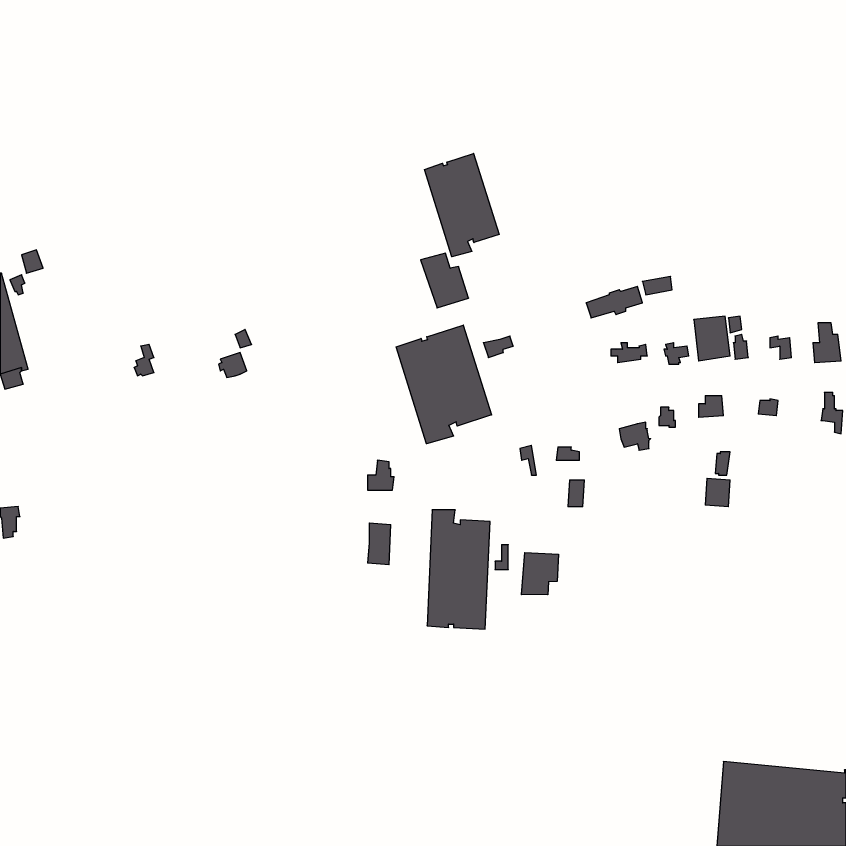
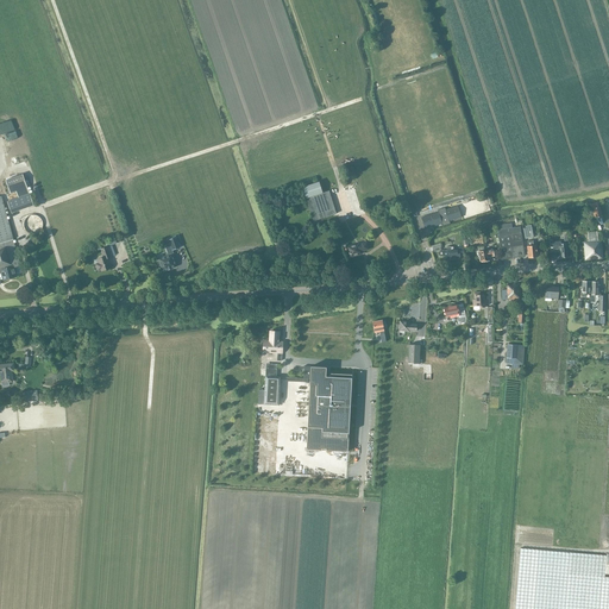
building: [424,153,499,257] -> none
building: [396,325,492,444] -> none
building: [521,553,558,595] -> none

